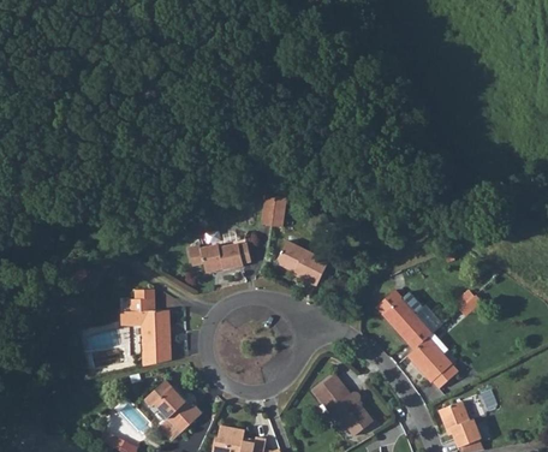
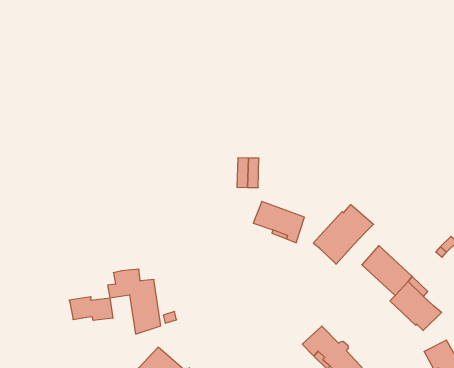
building: [185,243,250,269] -> none
building: none -> [313,205,374,264]
building: none -> [69,297,113,320]

